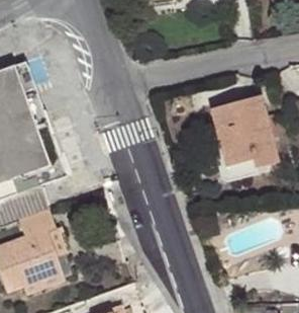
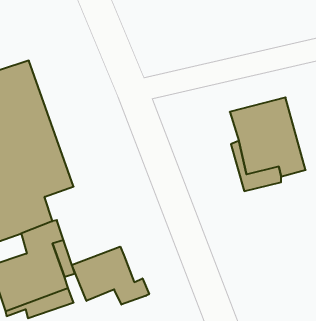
building: none -> [72,247,149,305]

